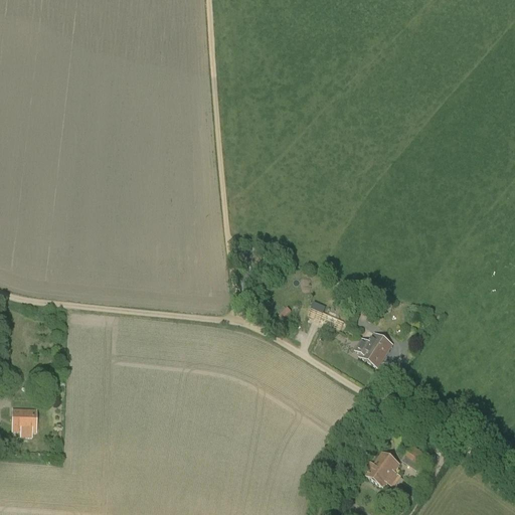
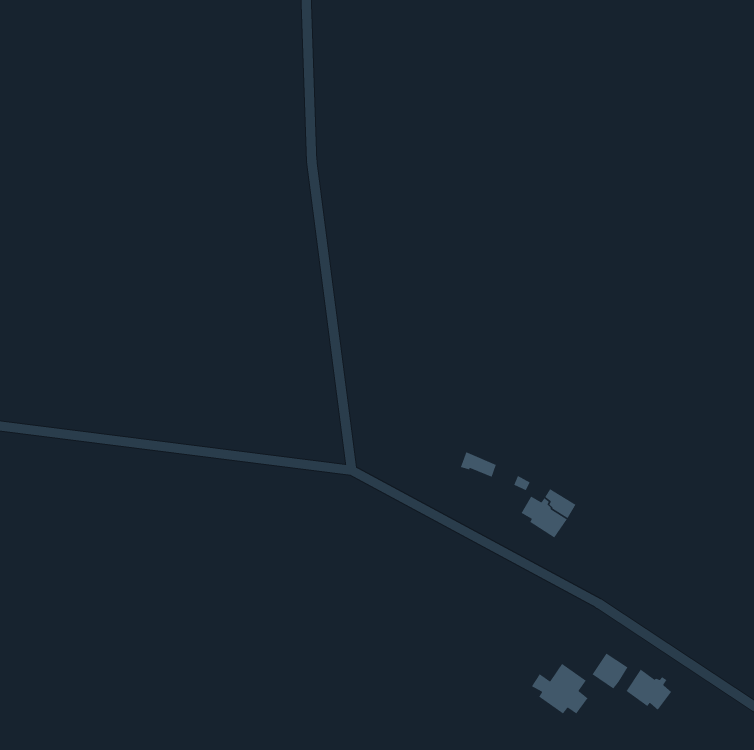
building: [13,408,37,436] -> none
building: none -> [625,668,672,711]

